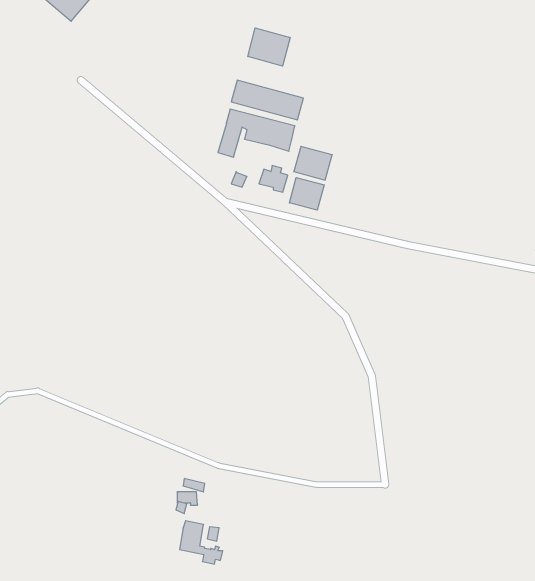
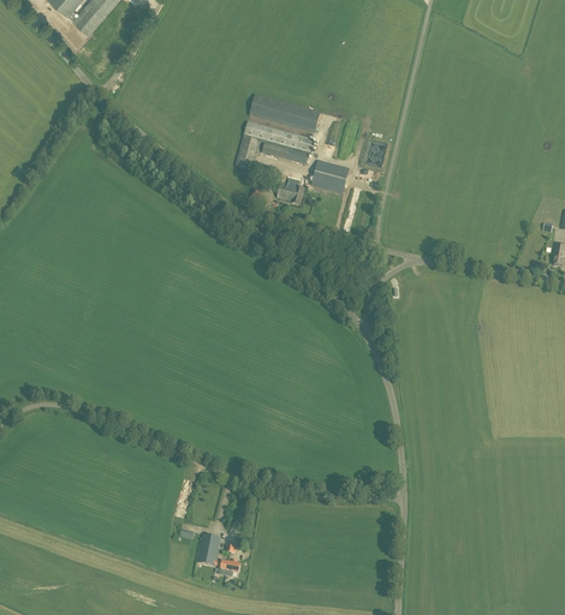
building: [248,28,290,66] -> none
building: [289,178,324,210] -> none

